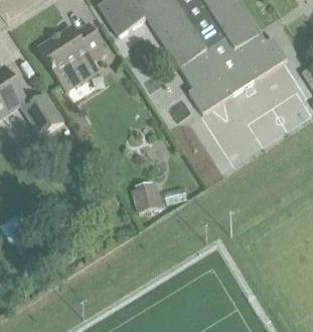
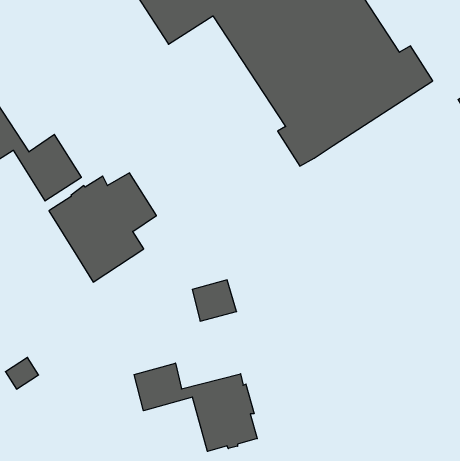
building: [38,22,107,92] -> [49,173,156,282]
building: none -> [134,363,257,451]

